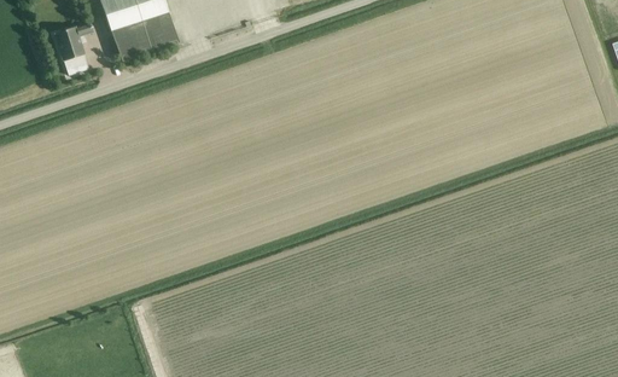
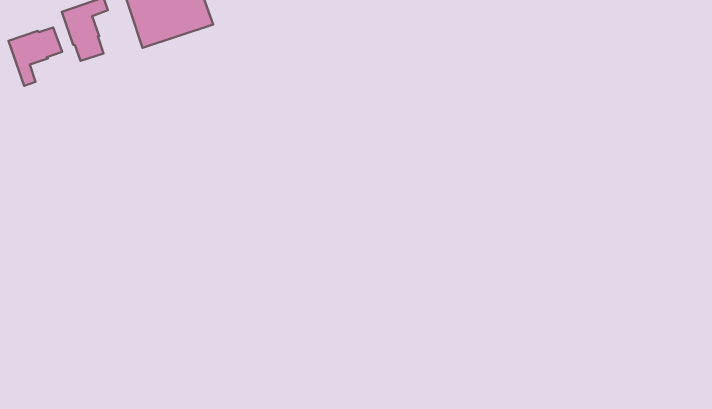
building: none -> [9,27,62,86]

